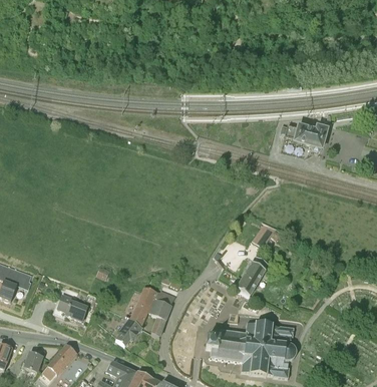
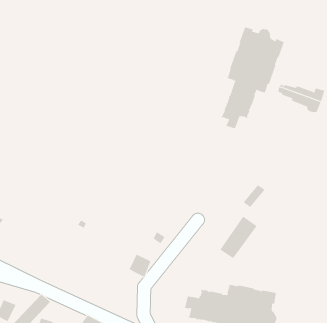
building: none -> [221,26,285,129]
building: [115,286,156,346] -> none
building: [53,292,82,321] -> none

